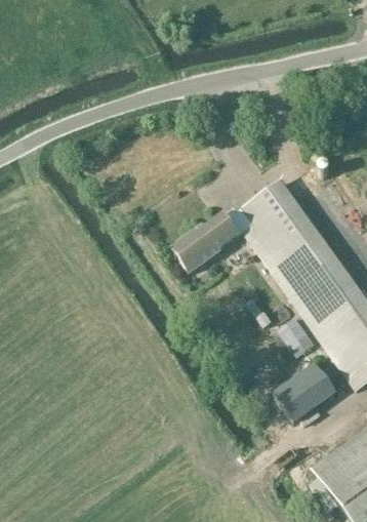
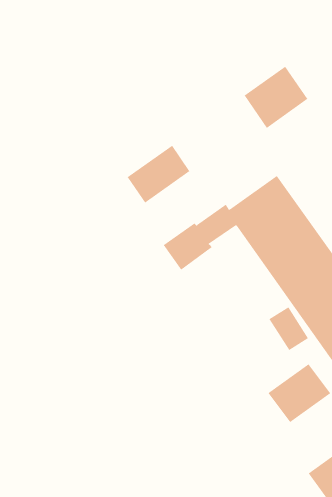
building: none -> [244,66,308,129]
building: none -> [127,145,190,204]

